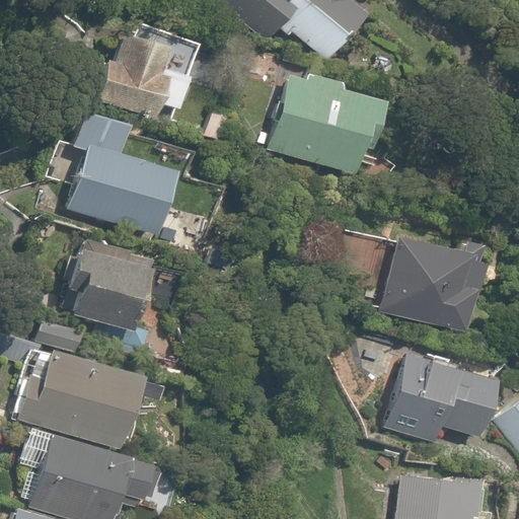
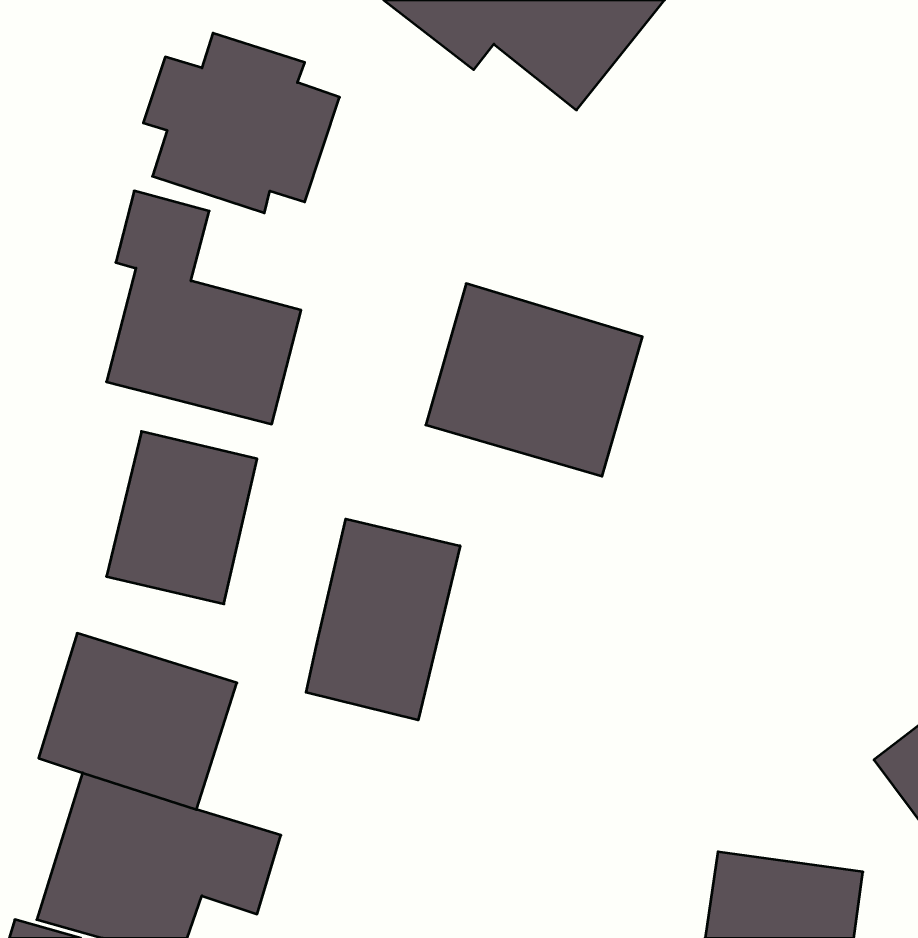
building: [266,69,385,175] -> [426,284,642,476]
building: [374,235,487,330] -> none
building: none -> [306,519,460,720]
building: [384,353,499,442] -> none

